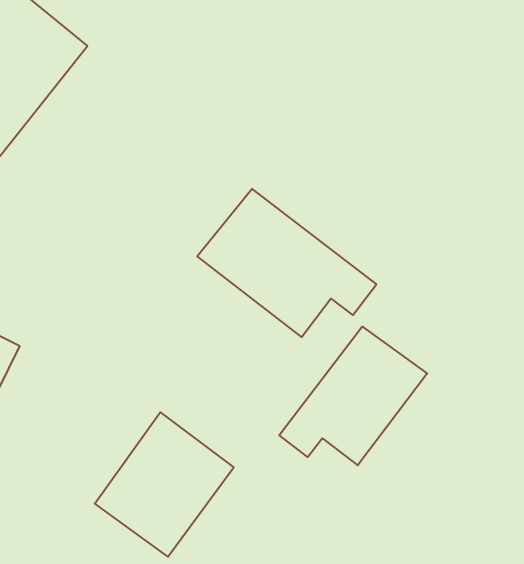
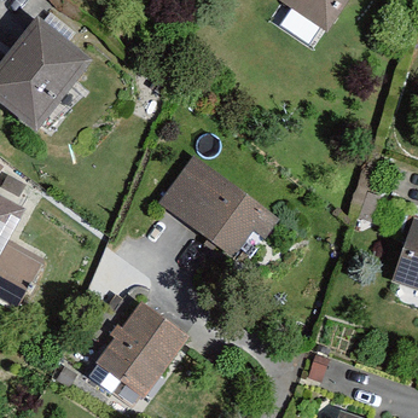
building: [279,327,427,465] -> none

